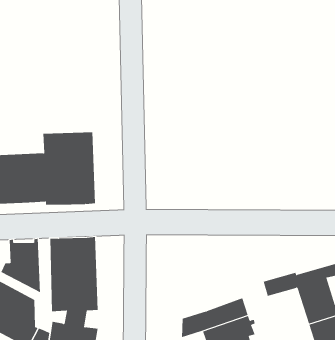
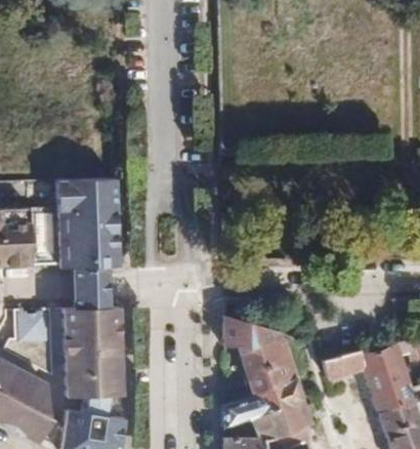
building: none -> [73,267,109,308]
building: none -> [224,315,298,396]

